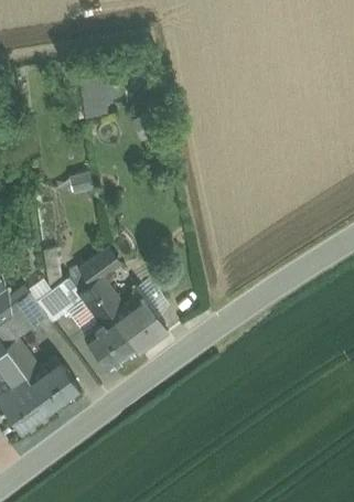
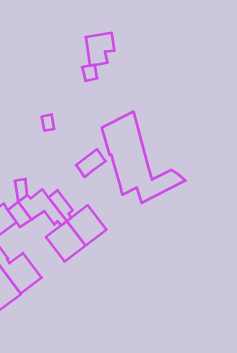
building: [77,74,115,117] -> [86,33,114,66]
building: none -> [102,112,186,203]
building: [75,247,114,284] -> [76,149,106,177]

